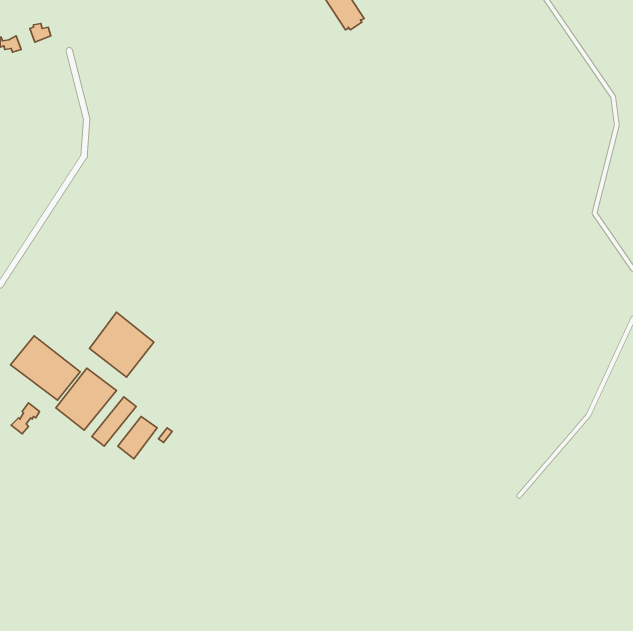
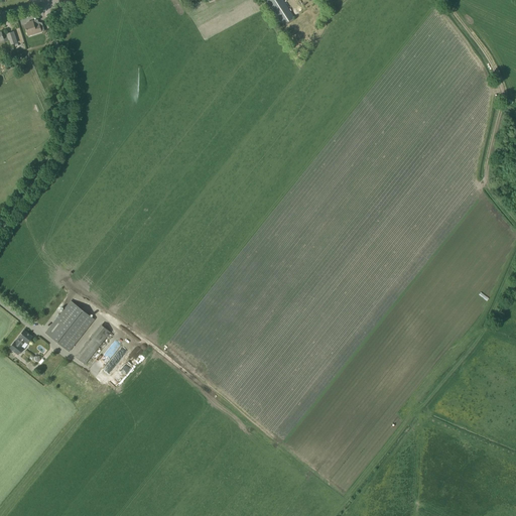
building: [90,312,154,377] -> none
building: [11,336,80,400] -> none

